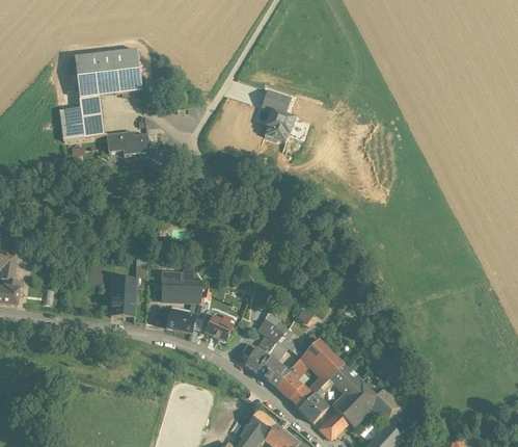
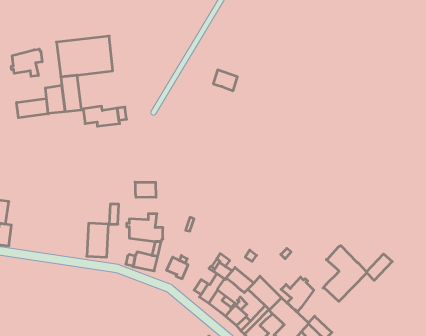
building: none -> [11,49,42,76]
building: [264,110,295,143] -> none
building: none -> [17,98,48,118]
building: none -> [135,182,156,197]
building: none -> [323,246,392,301]
building: none -> [281,277,314,311]

